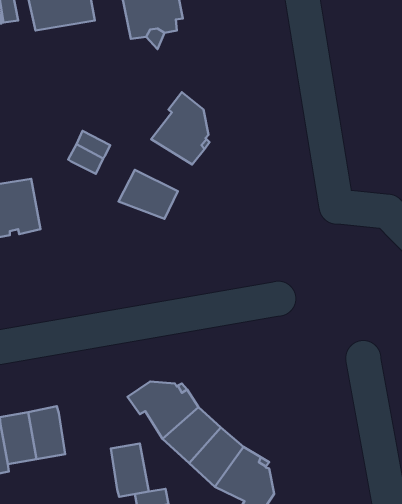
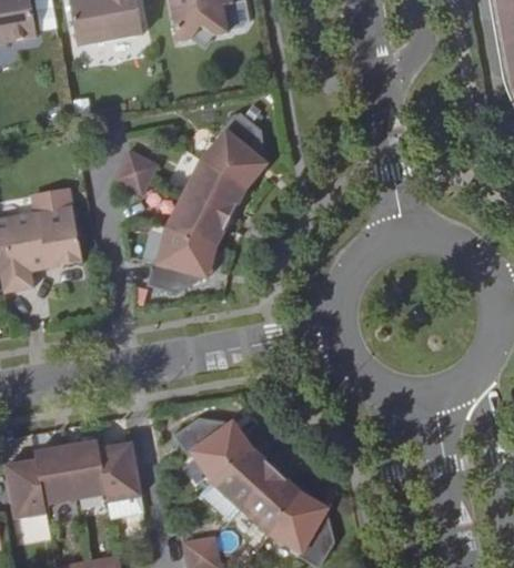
building: none -> [183,156,245,213]
building: none -> [145,224,215,288]
building: [111,443,149,497] -> [101,448,142,506]

